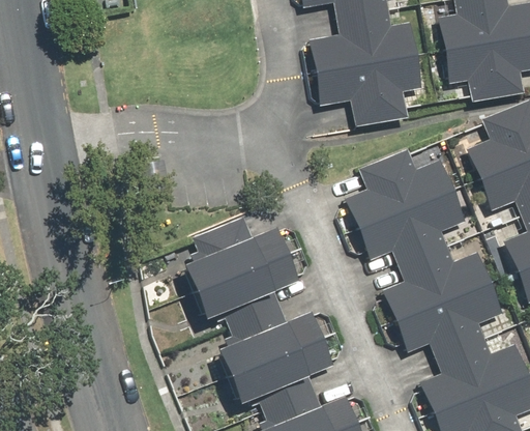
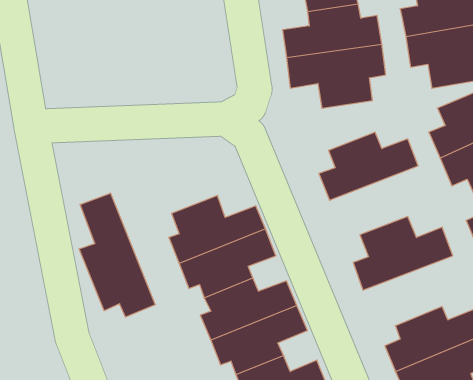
building: [361,186,469,261] -> none
building: none -> [79,193,155,317]
building: [398,284,505,360] -> none

